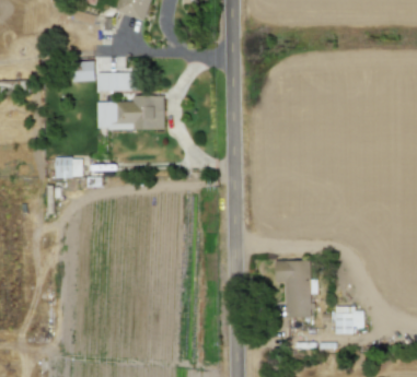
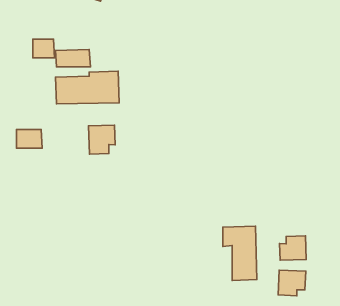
building: none -> [89,125,115,154]
building: none -> [280,236,306,260]

